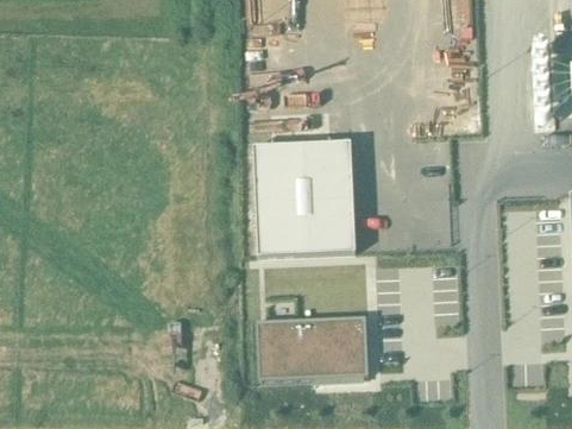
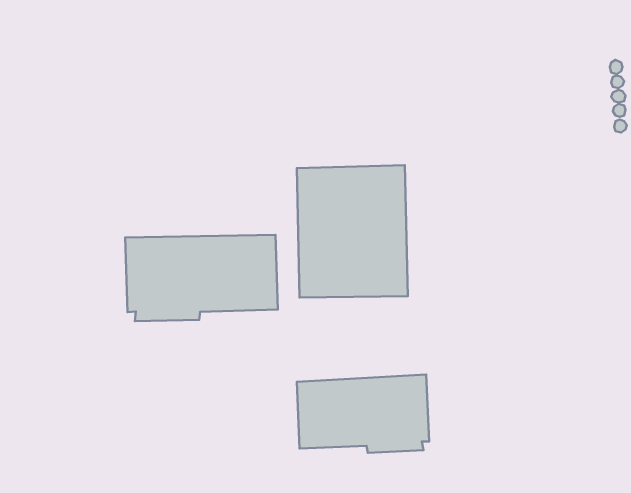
building: none -> [125,235,278,321]

